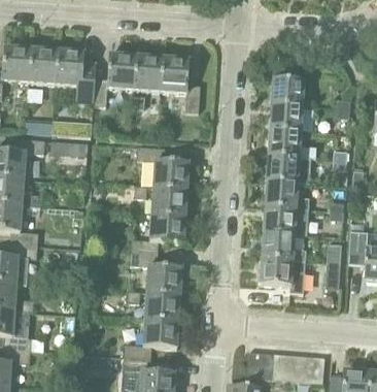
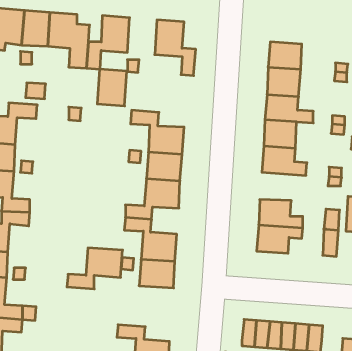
building: [134,55,163,91] -> [97,69,127,106]
building: [264,206,309,234] -> none
building: [125,318,179,358] -> [67,248,123,289]

